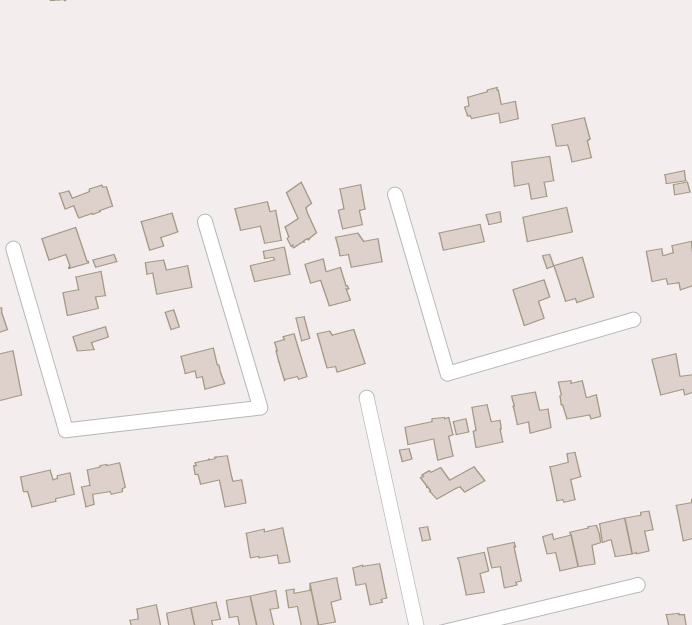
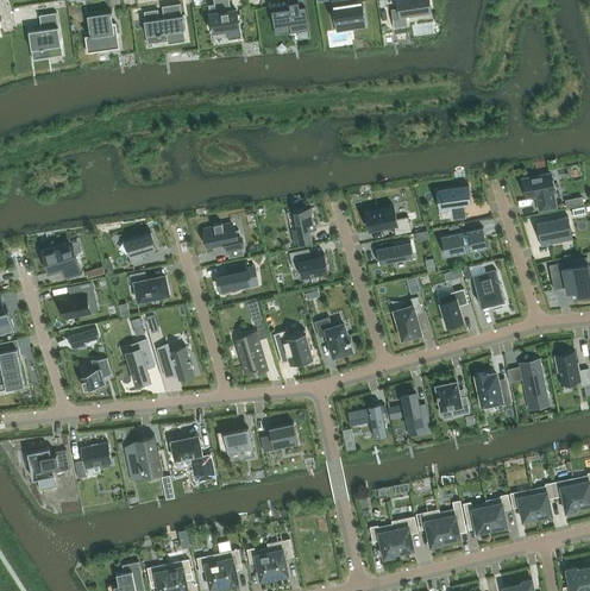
building: [465,87,518,123] -> [364,206,409,235]
building: [552,118,592,162] -> [522,175,556,212]
building: [285,182,317,248] -> none
building: [59,185,113,218] -> none
building: none -> [534,216,571,247]
building: [305,259,350,306] -> [313,317,351,357]
building: none -> [394,297,421,340]
building: none -> [126,342,153,385]
building: none -> [80,358,111,390]
building: none -> [520,358,548,403]
building: none -> [259,423,297,452]
building: [550,453,581,502] -> [438,501,464,542]
building: none -> [124,438,162,477]
building: [420,467,485,499] -> none
building: none -> [551,478,579,513]
building: [246,528,290,563] -> [216,428,253,458]
building: [353,564,387,605] -> [369,524,397,559]

